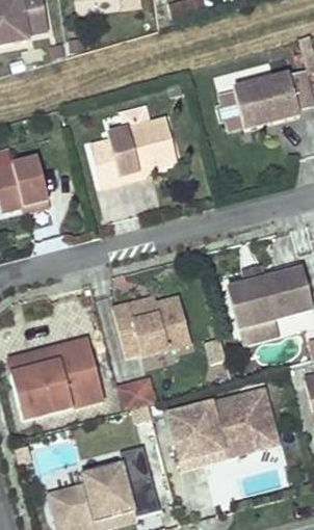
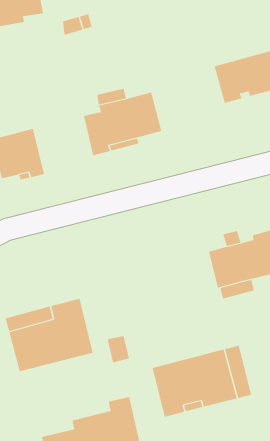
building: [113,296,191,355] -> none

